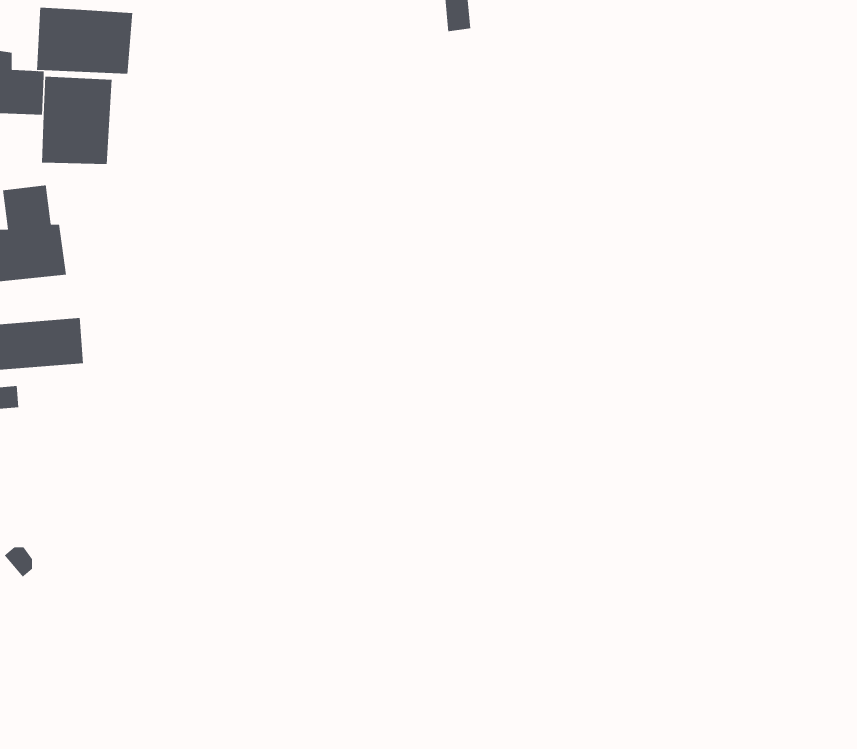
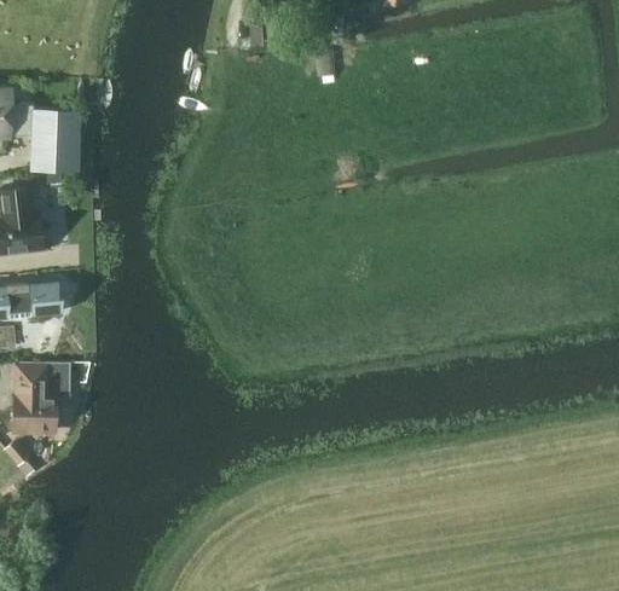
building: [37,7,133,74] -> none
building: none -> [12,361,69,431]

